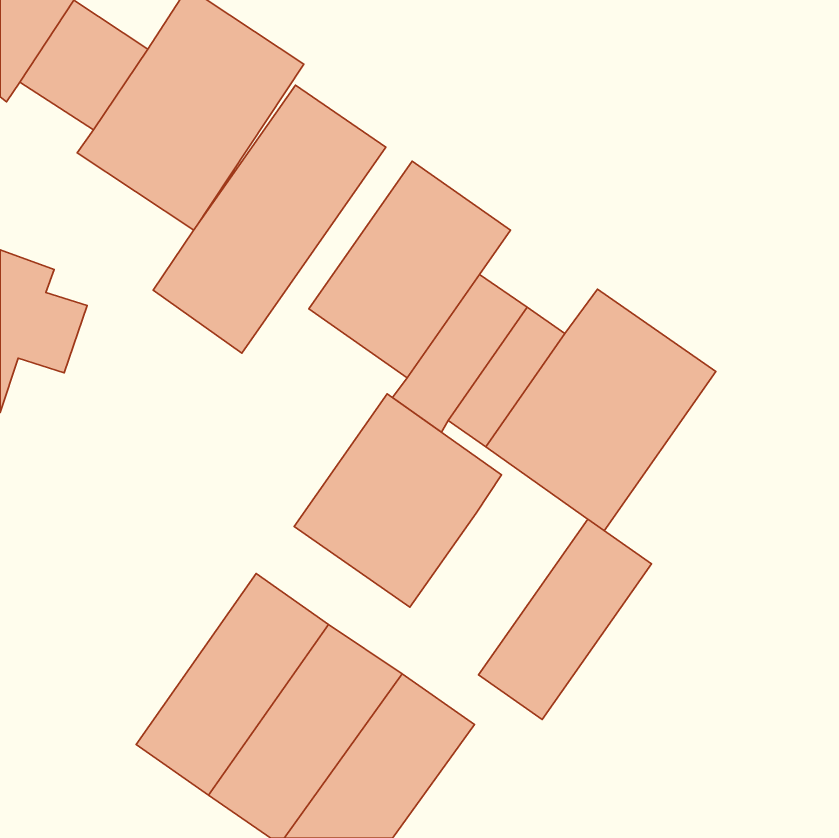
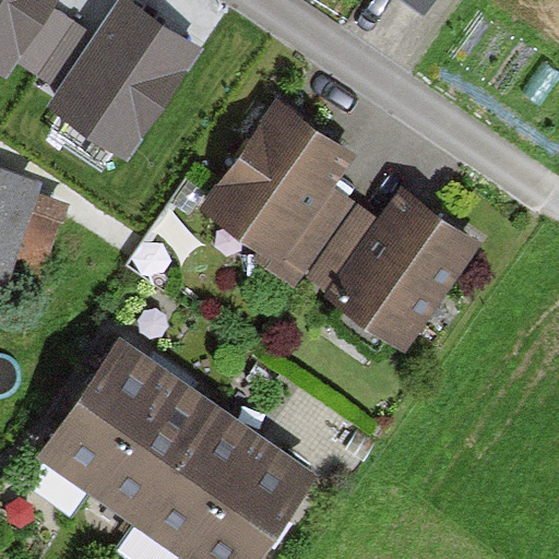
building: [153,85,386,353] -> none
building: [294,394,501,607] -> none
building: [479,519,651,719] -> none
building: none -> [43,347,170,495]

